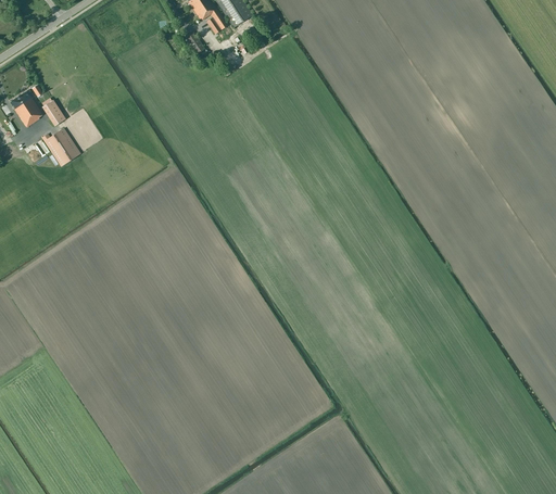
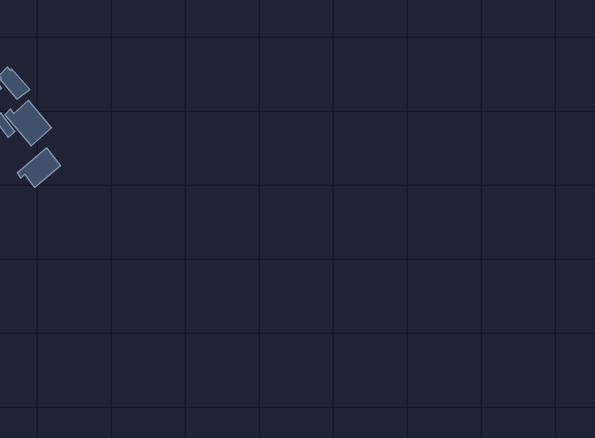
building: none -> [17,148,60,187]

